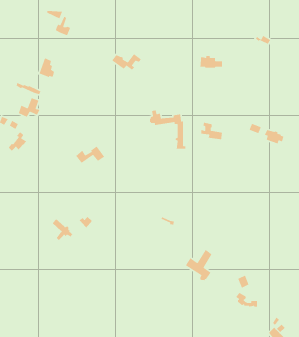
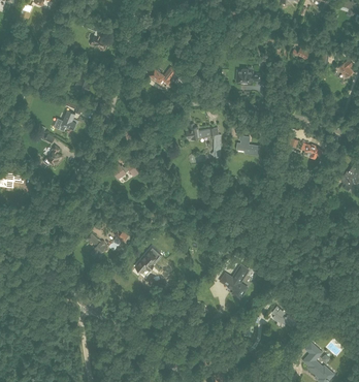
building: none -> [132,250,157,281]

